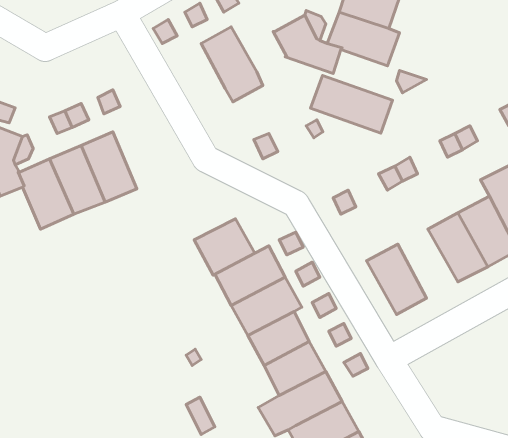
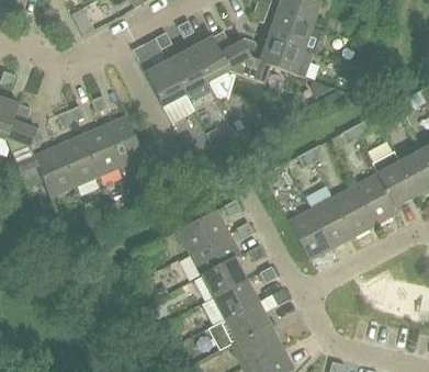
building: none -> [189,36,229,81]
building: none -> [144,60,184,105]
building: [310,75,393,133] -> none
building: none -> [102,115,143,167]
building: [194,219,255,275] -> none
building: none -> [311,196,354,247]

